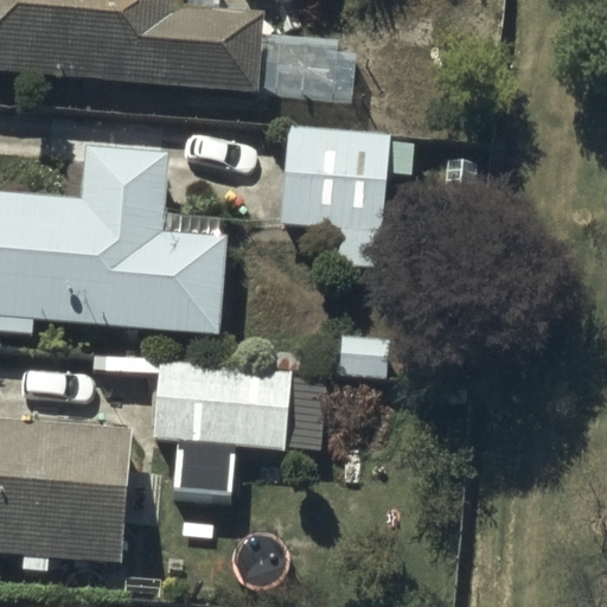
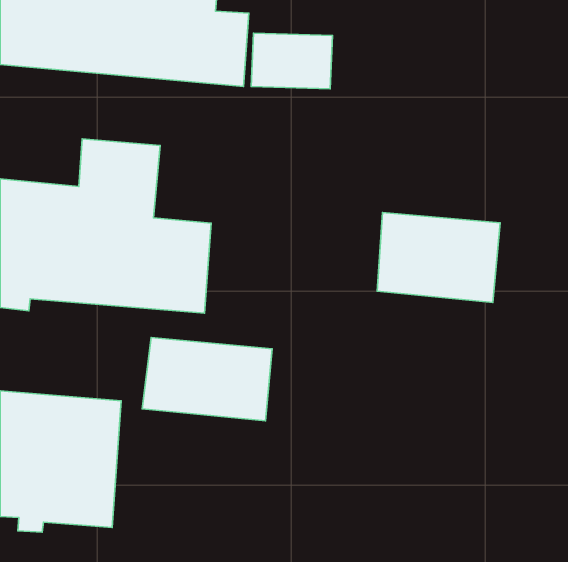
building: [281,127,413,263] -> none
building: none -> [377,213,500,302]

